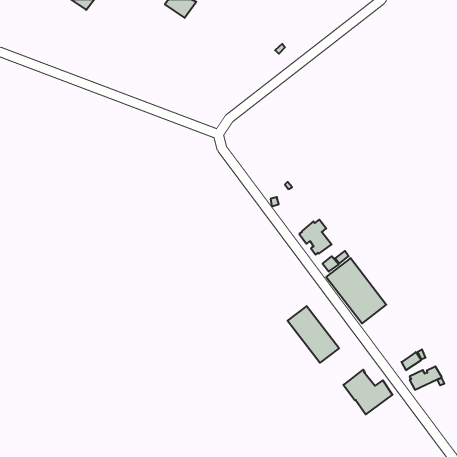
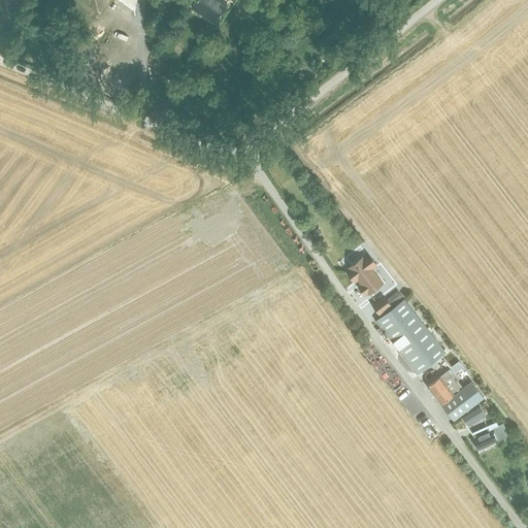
building: [288,306,339,363] -> none
building: [343,370,393,414] -> [426,367,483,419]

